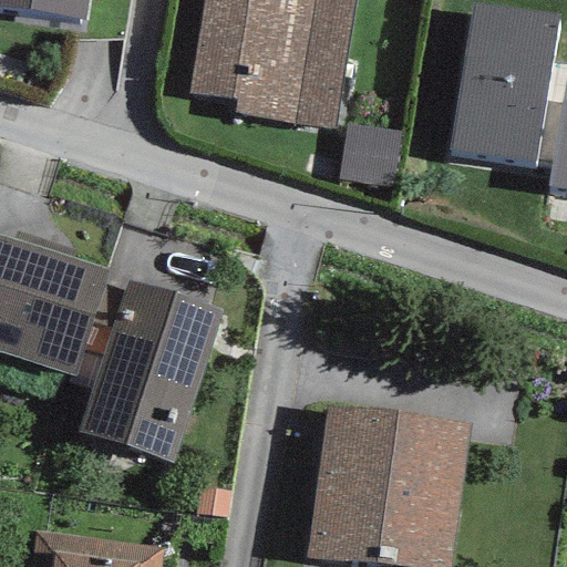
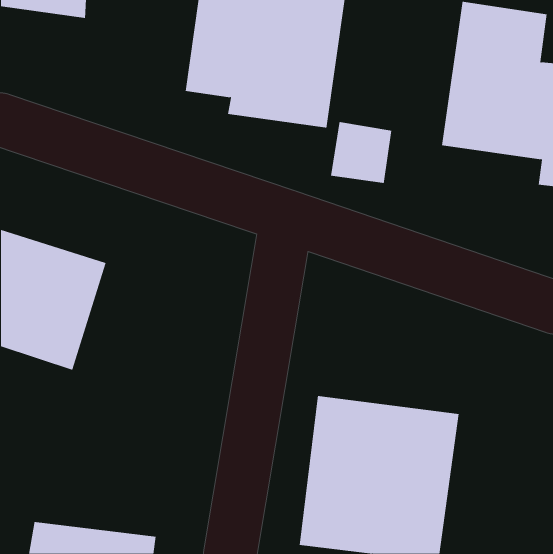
building: [79,278,225,463] -> none

